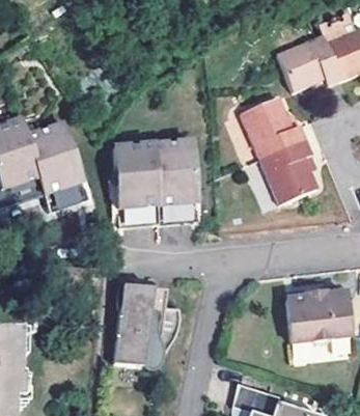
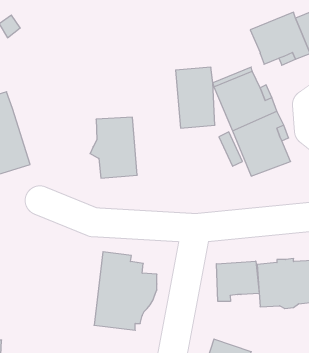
building: [28,126,88,213] -> none
building: [155,142,196,206] -> [176,67,215,128]
building: none -> [216,261,259,301]

